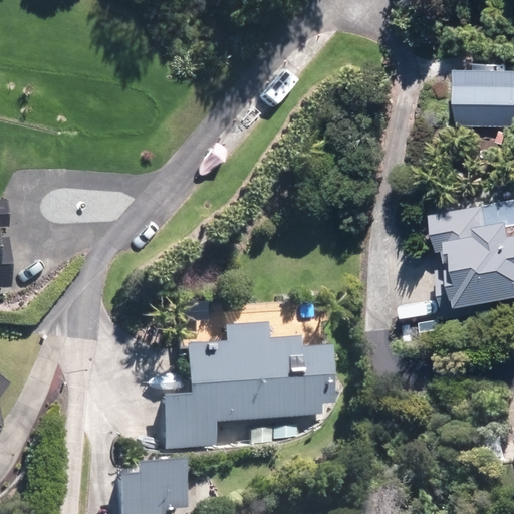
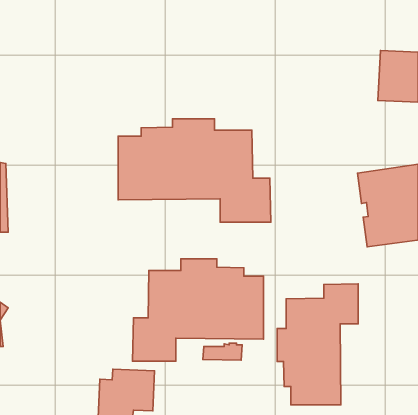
building: none -> [118,119,271,222]
building: none -> [277,284,358,405]

